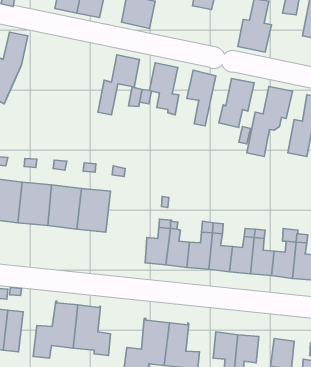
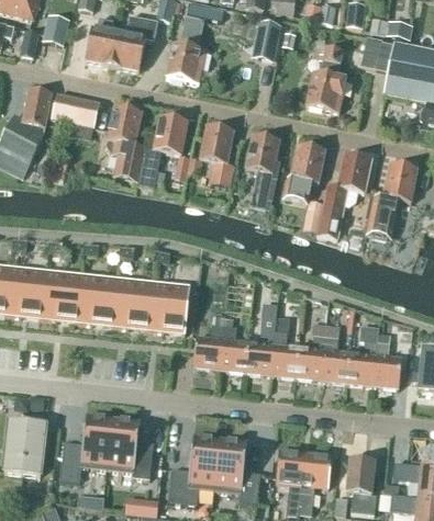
building: none -> [51,93,99,127]
building: none -> [105,105,144,181]
building: none -> [146,280,189,333]

